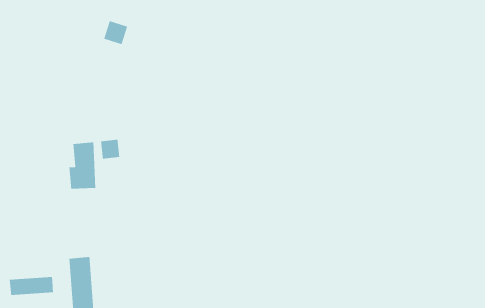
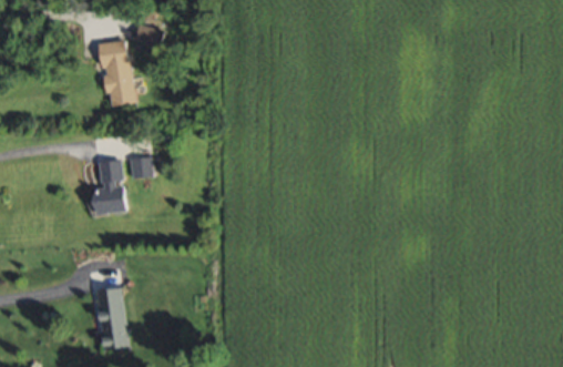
building: none -> [100,40,134,106]
building: [9,276,54,296] -> none

